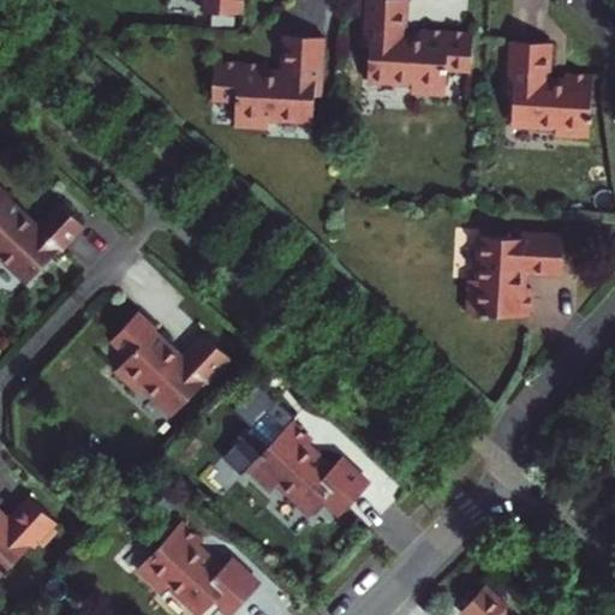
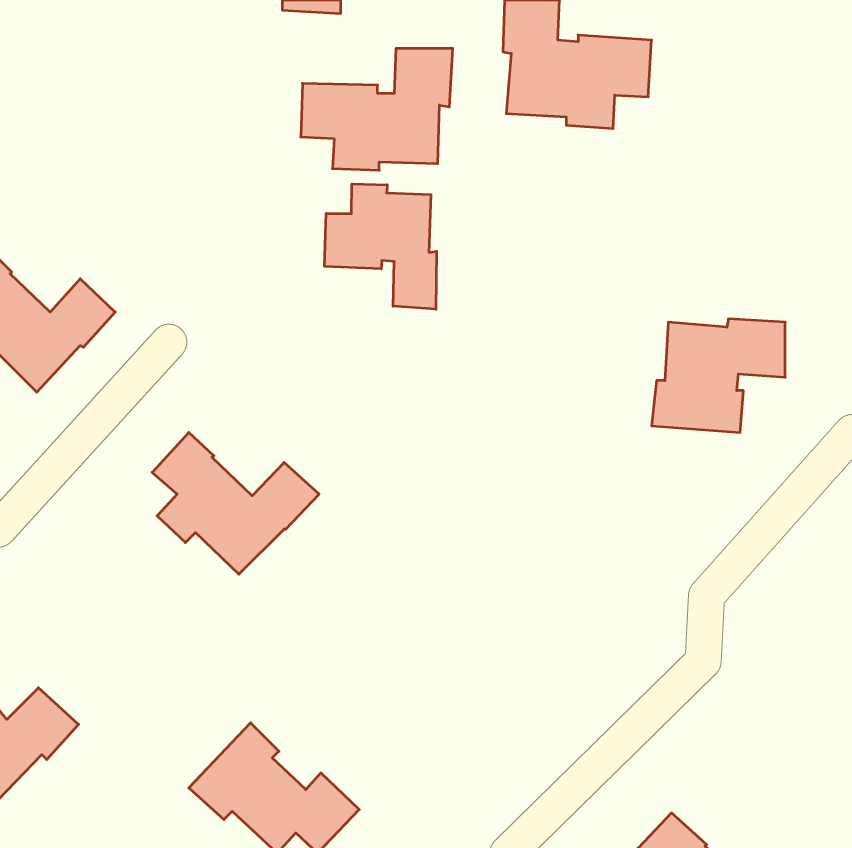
building: [506,38,587,135] -> none
building: none -> [325,184,437,309]
building: [222,413,369,518] -> none

